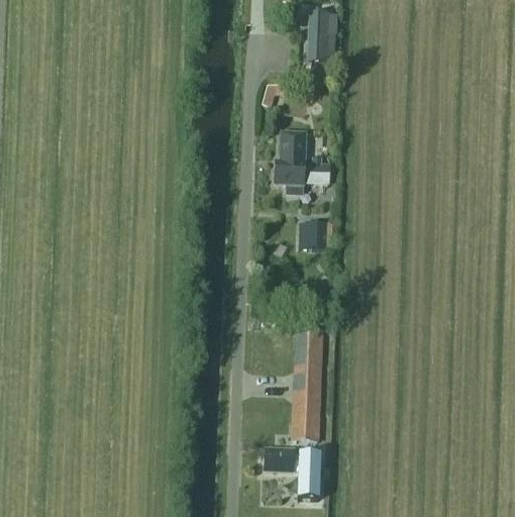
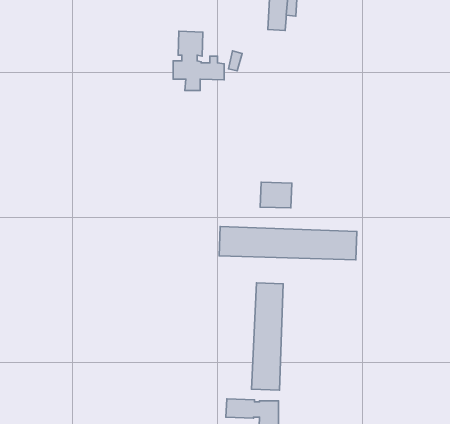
building: [274,129,327,192] -> [173,31,224,91]
building: none -> [219,227,357,260]

